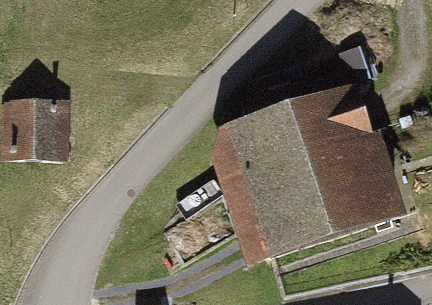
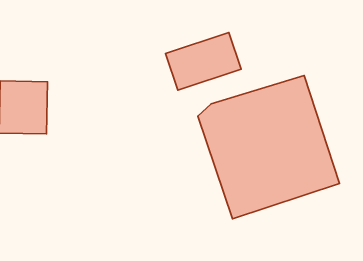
building: none -> [165,32,241,90]

